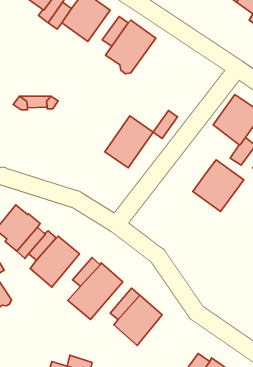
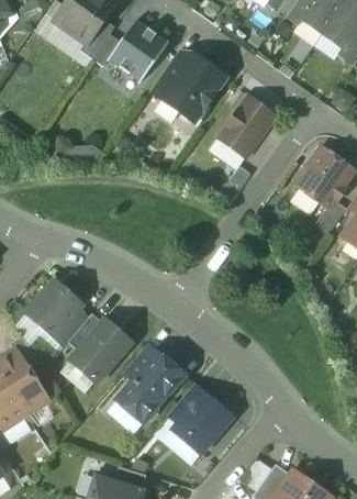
building: [105,116,153,168] -> [216,95,276,158]
building: [193,160,244,211] -> none

